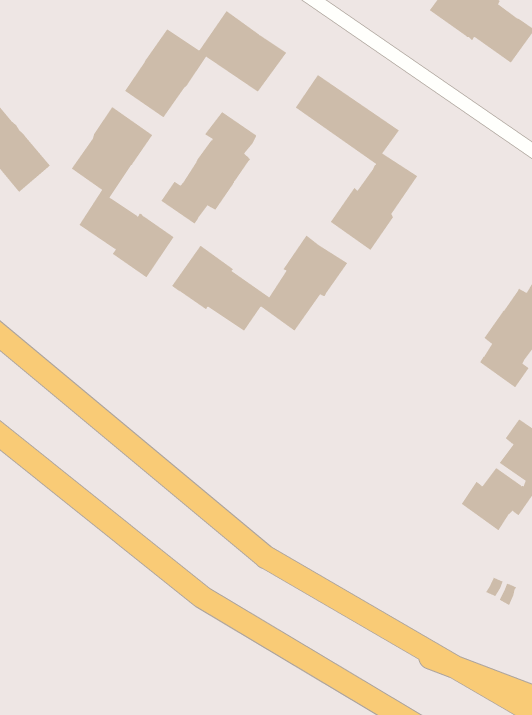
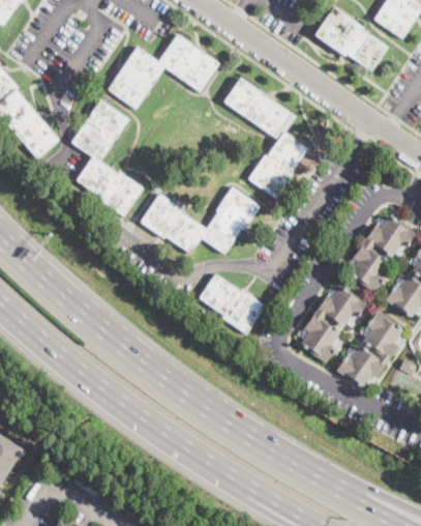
building: [160,111,257,224] -> none
building: none -> [199,274,264,332]
building: none -> [300,285,366,360]

